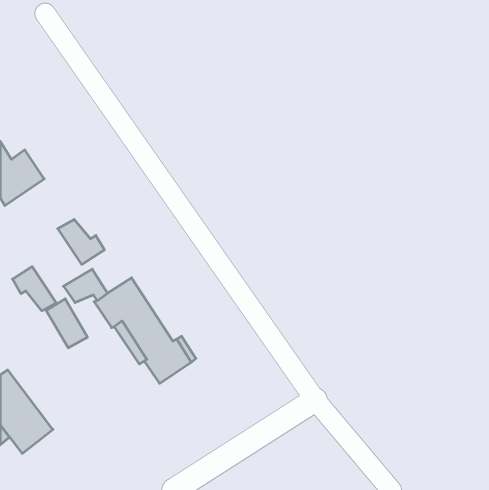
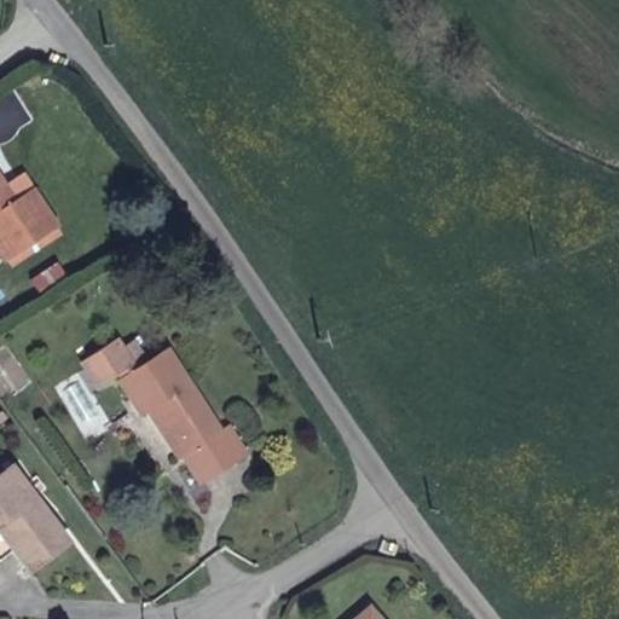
building: [58,219,104,264] -> none
building: [12,267,56,311] -> none

